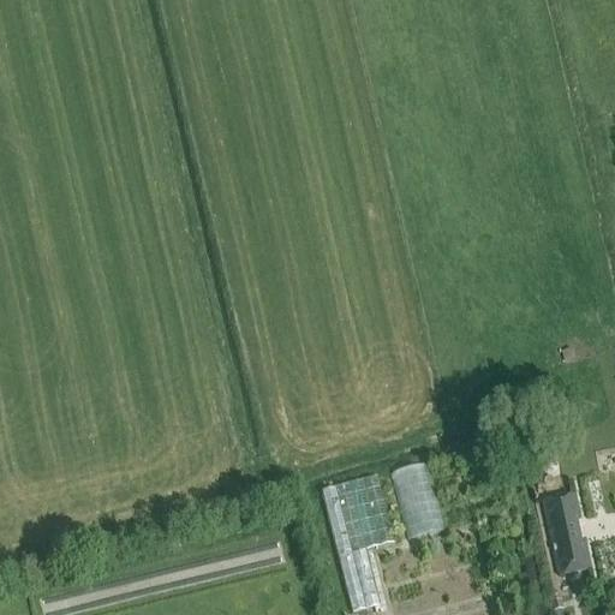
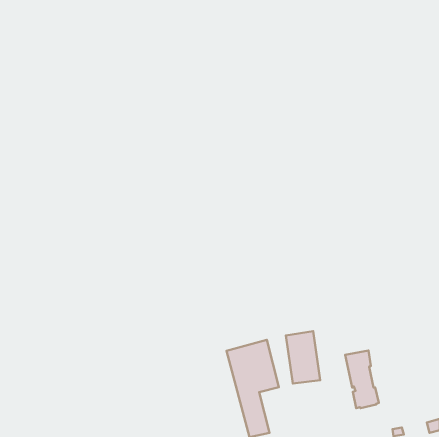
building: [544,492,591,573] -> [345,350,379,408]

